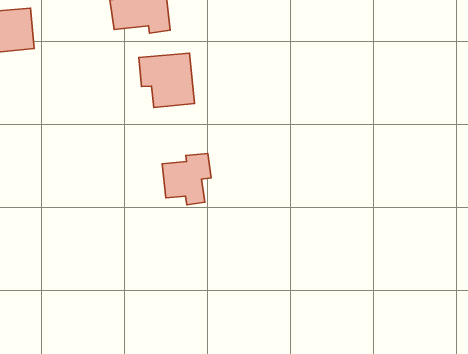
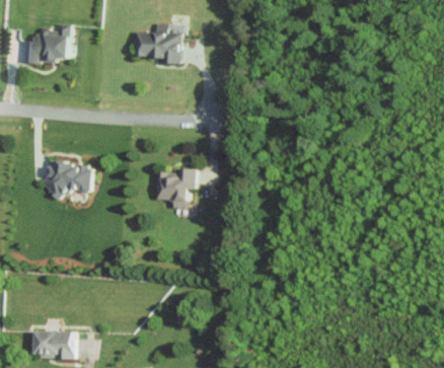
building: [139,53,194,108] -> none
building: none -> [48,162,92,194]

